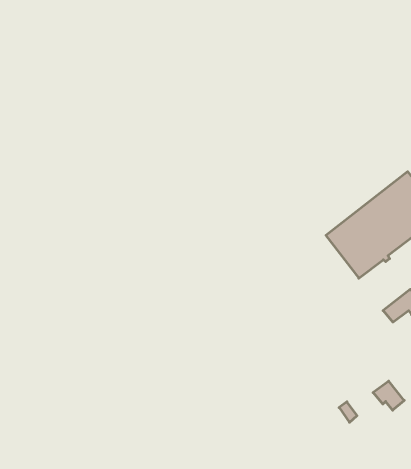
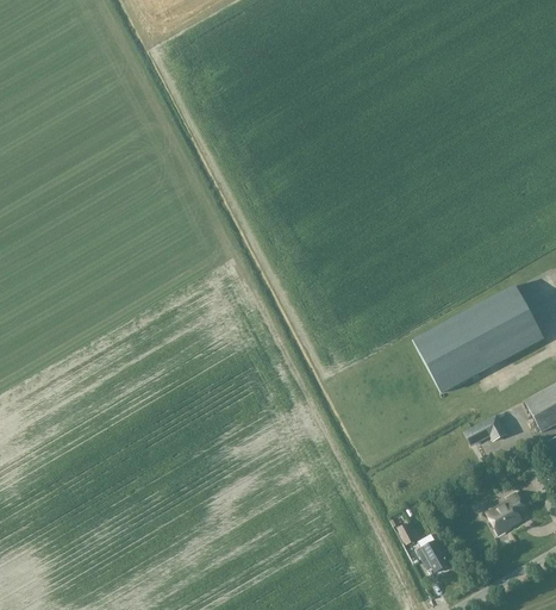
building: [373,381,404,410] -> [417,540,449,572]

